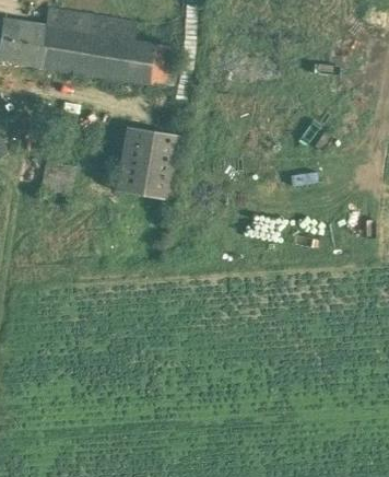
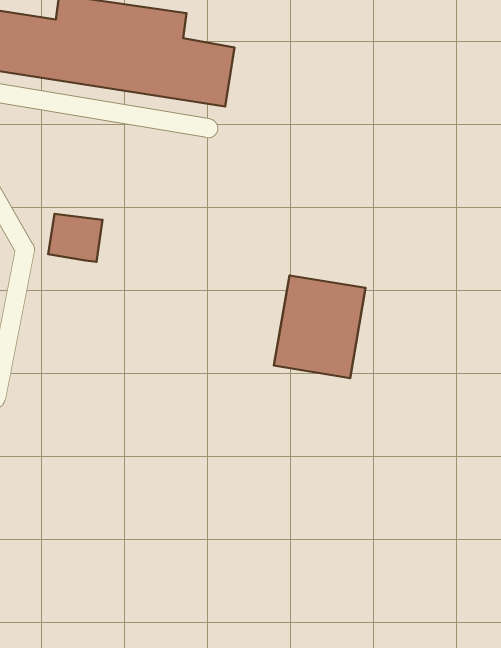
building: [116,128,180,200] -> [274,276,366,378]

